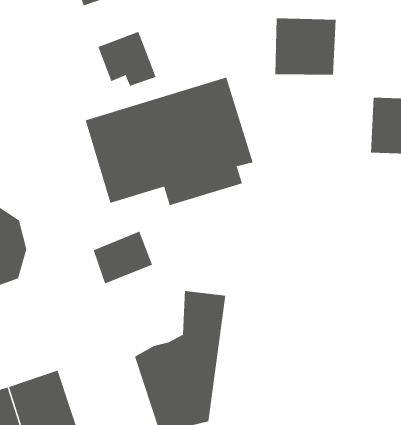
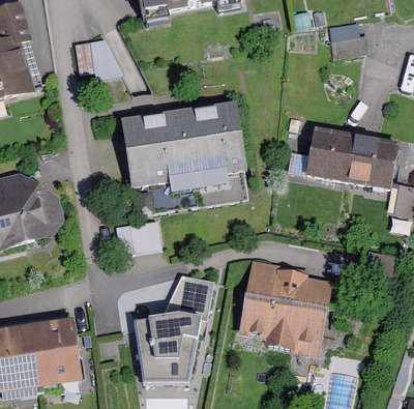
building: [275,18,336,75] -> [303,127,360,181]
building: [97,31,156,87] -> [75,34,118,78]
building: none -> [233,258,333,357]

